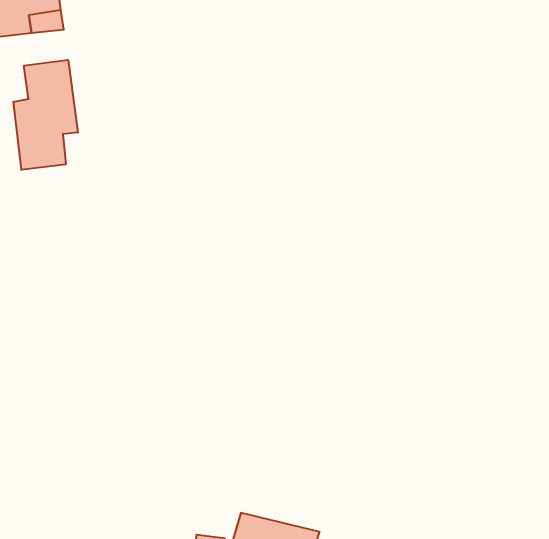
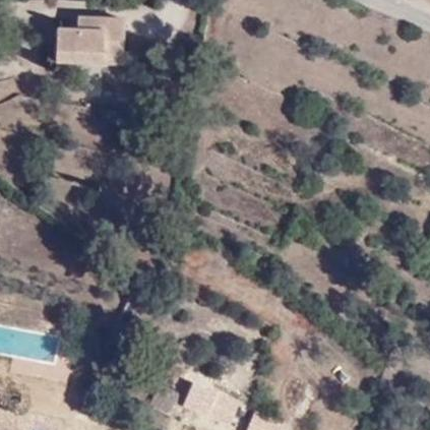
building: [13,60,78,170] -> none

